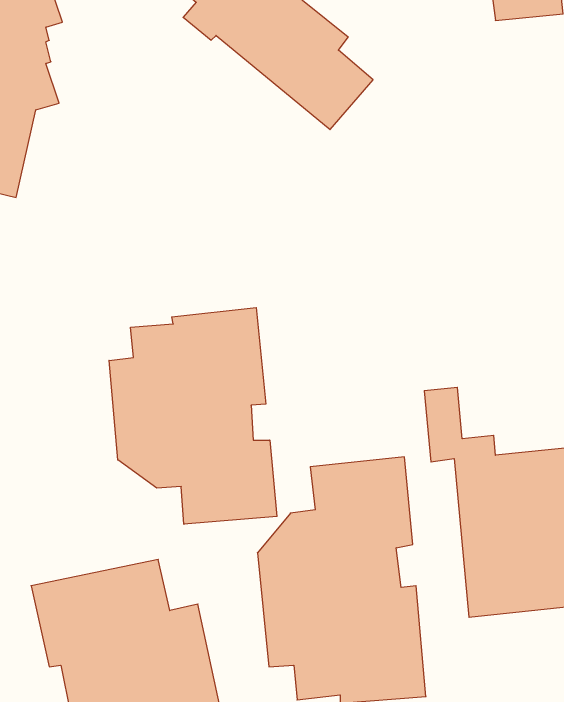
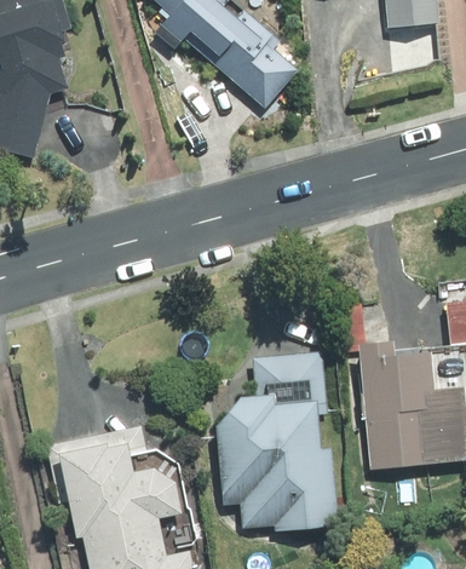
building: [109,308,277,524] -> none

